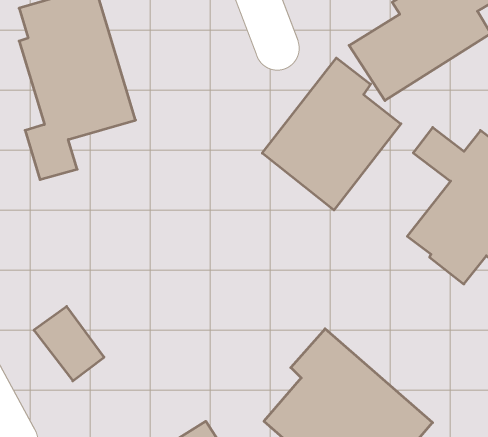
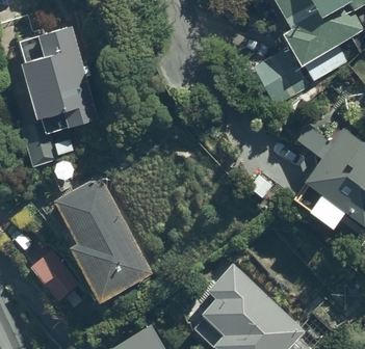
building: [262,58,401,210] -> none
building: none -> [52,172,156,303]

